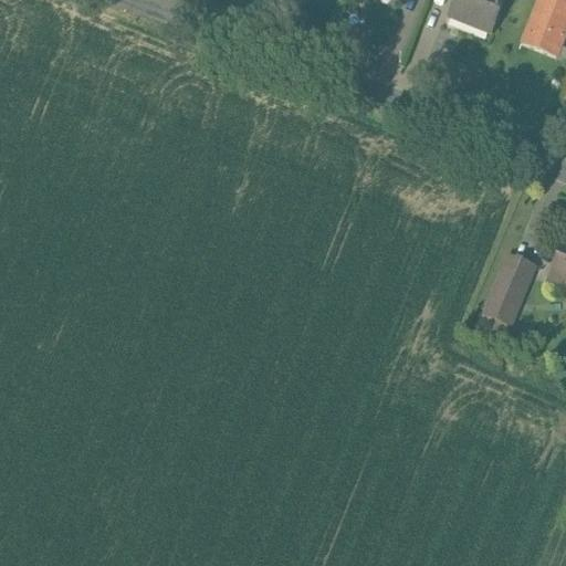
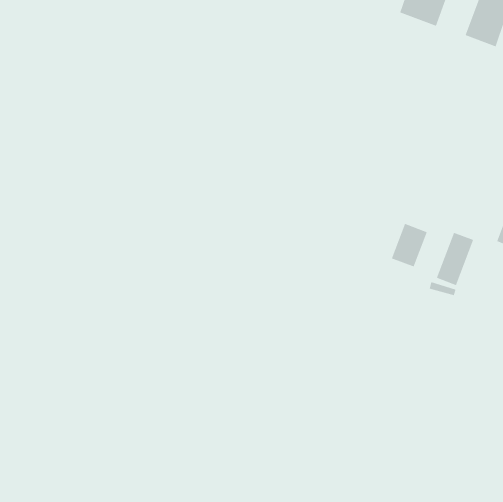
building: none -> [391,223,428,268]

